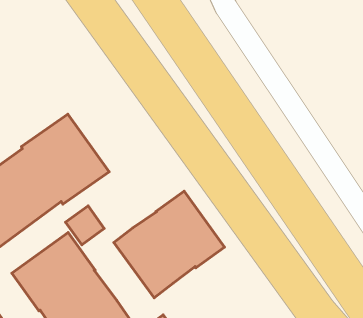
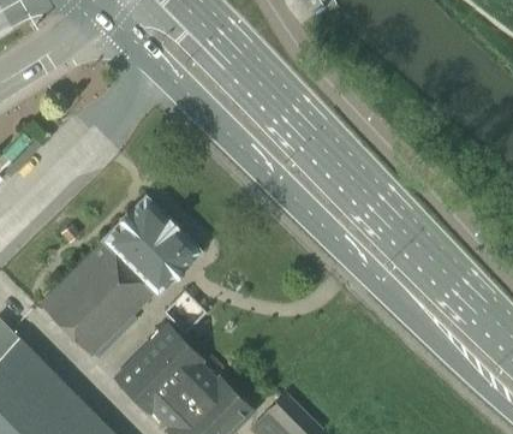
building: [114,191,224,298] -> none

